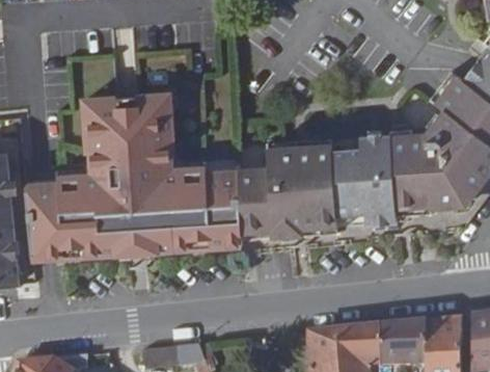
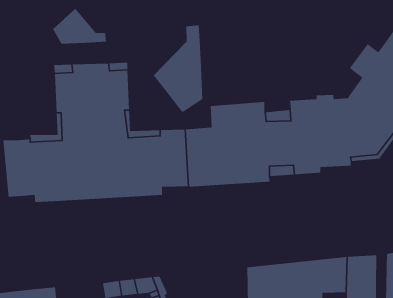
building: none -> [52,8,107,45]
building: none -> [153,25,203,113]

